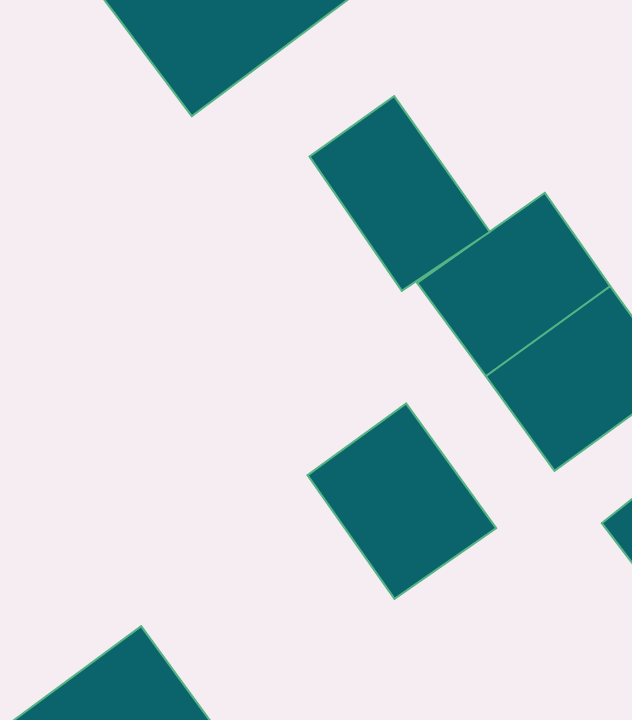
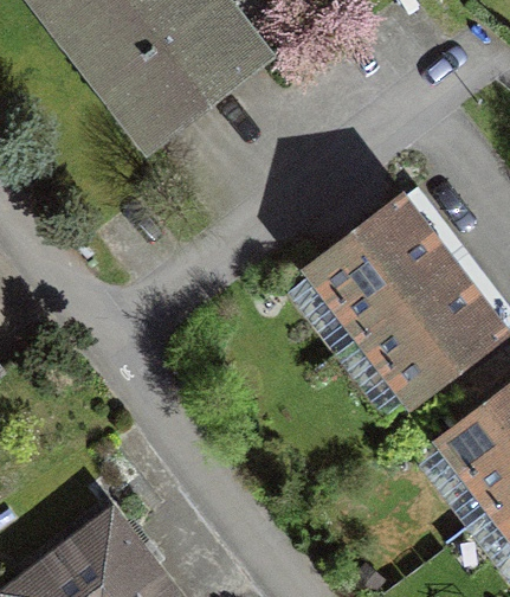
building: [309,96,490,291] -> none
building: [307,404,496,599] -> none

